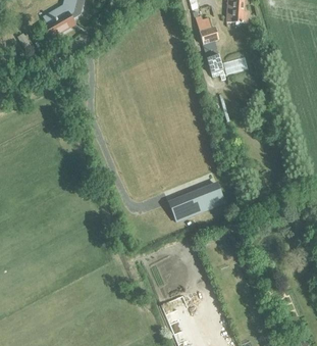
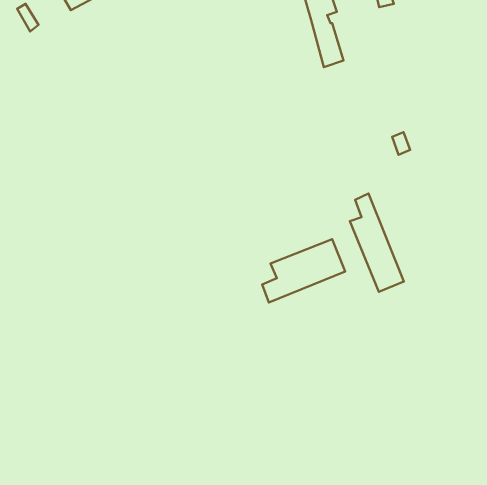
building: none -> [350,194,404,292]

